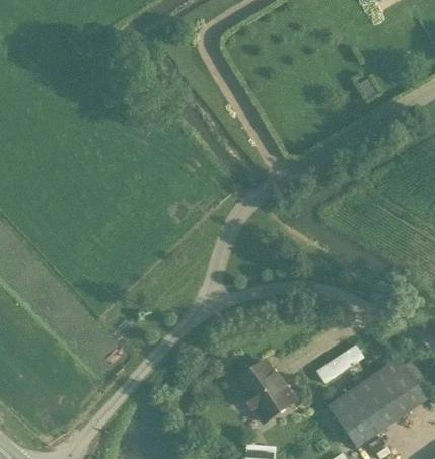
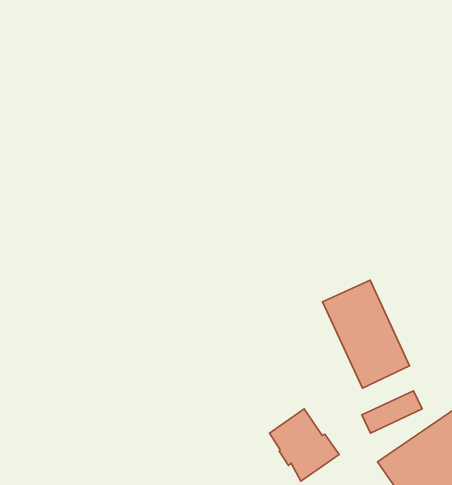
building: none -> [322,280,409,388]

